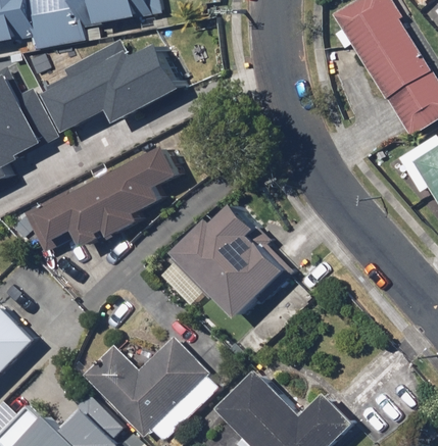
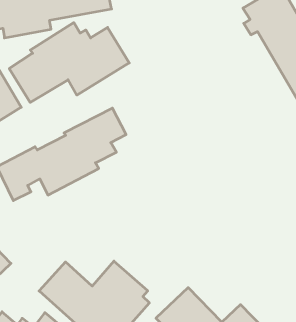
building: [153,197,292,319] -> none

